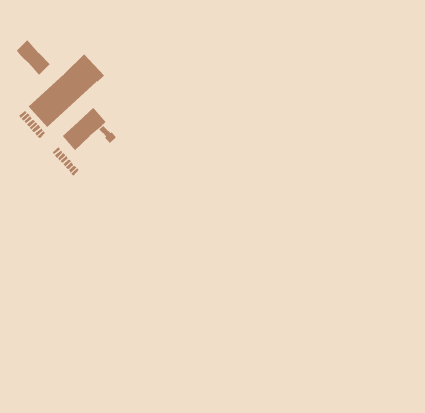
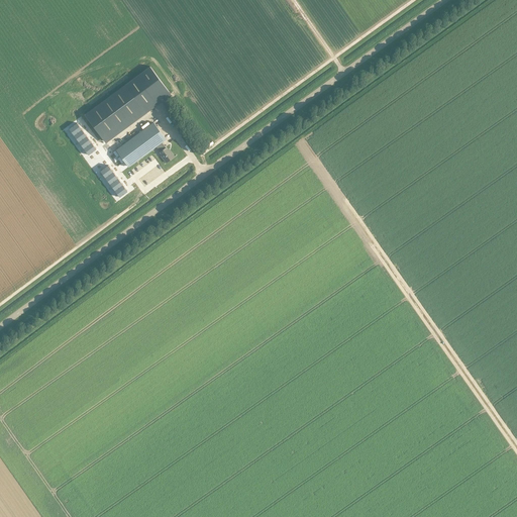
building: [16,39,51,76] -> none

